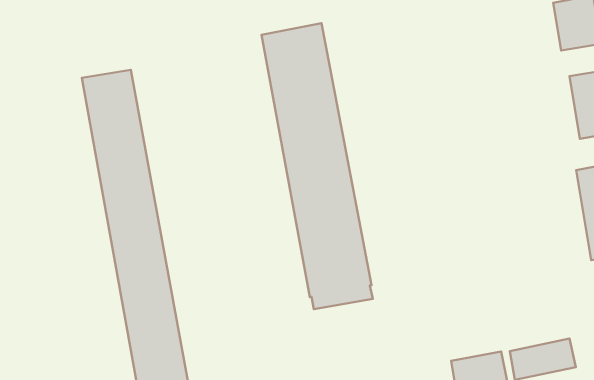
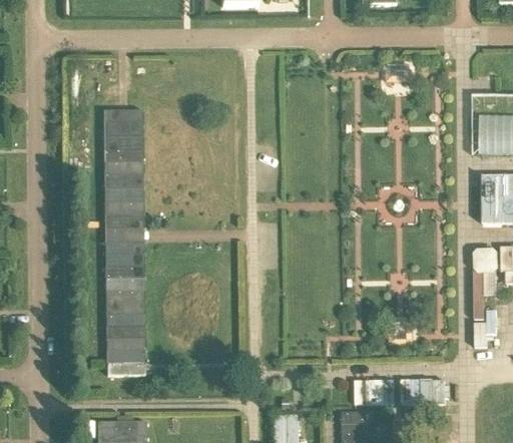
building: [262,23,373,309] -> none

